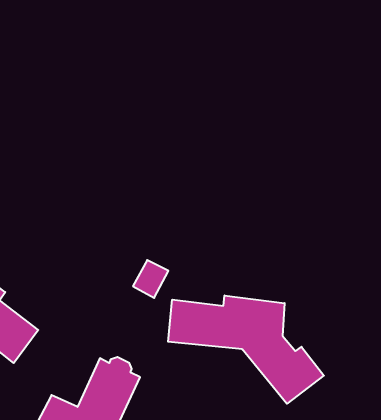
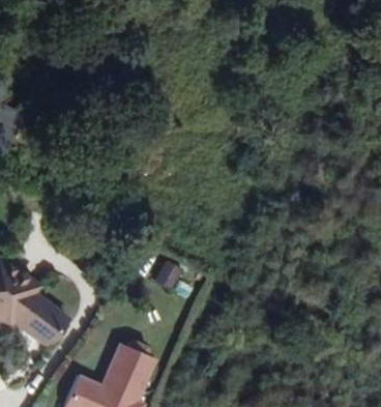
building: [168,295,324,404] -> none

